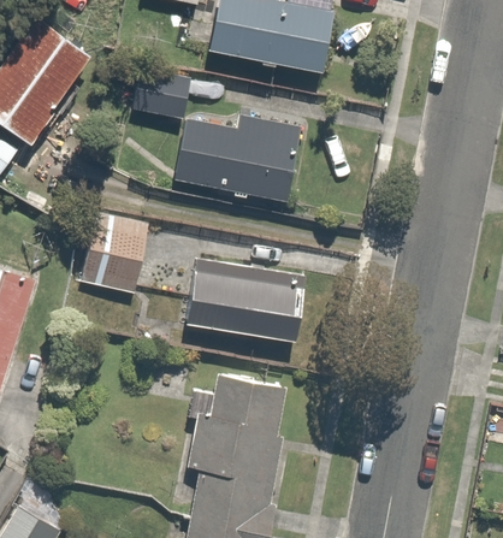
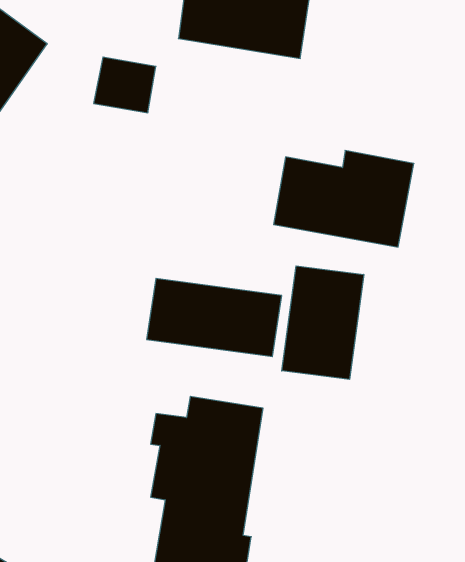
building: [174,114,302,202] -> [274,150,414,247]
building: [78,212,148,297] -> none
building: none -> [282,266,364,379]

